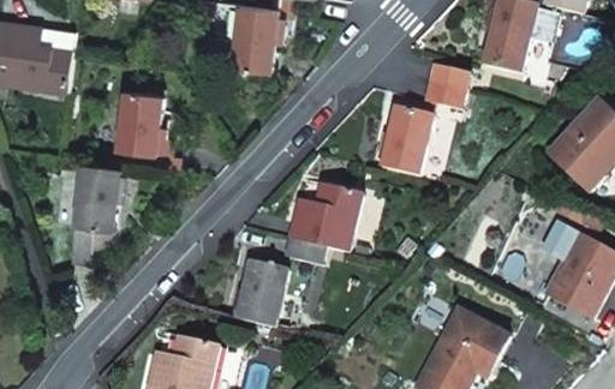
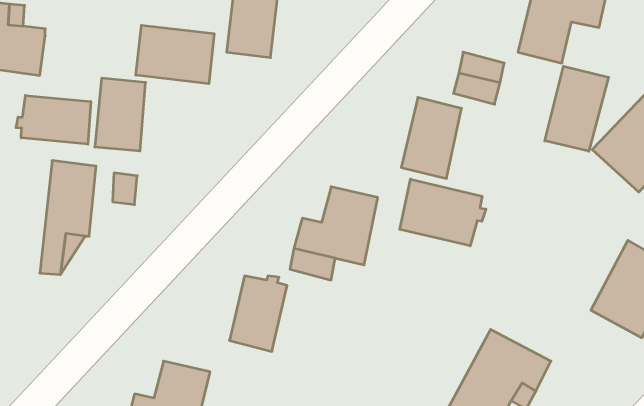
building: none -> [136,25,214,84]
building: none -> [545,66,609,151]
building: none -> [16,95,91,144]
building: none -> [400,179,486,246]

